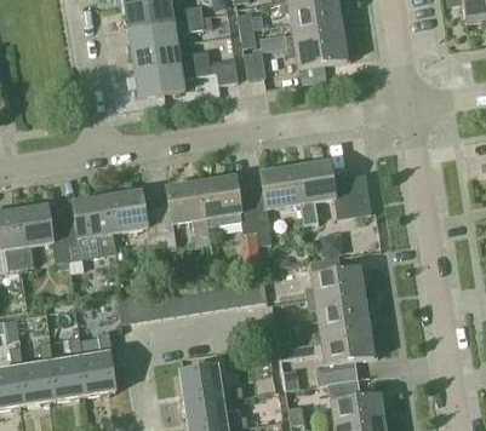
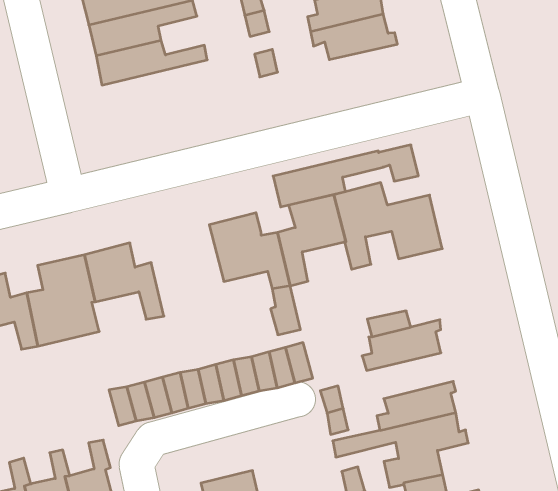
building: [131,57,238,94] -> [273,145,418,207]
building: [156,180,210,245] -> none
building: [308,288,371,318] -> none

